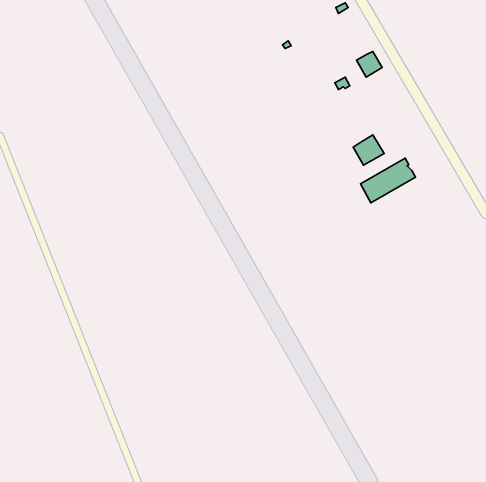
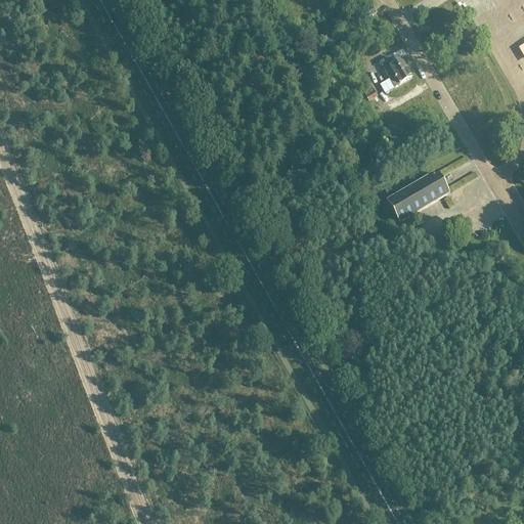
building: [353,135,384,165] -> none

